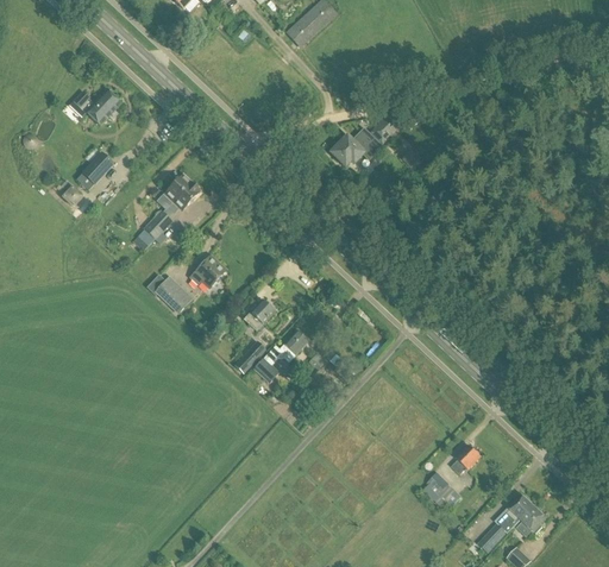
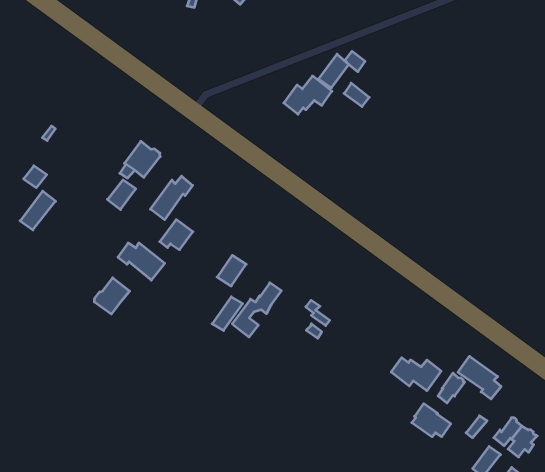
building: [68,90,119,124] -> none
building: [75,152,113,190] -> [20,191,56,230]
building: none -> [150,176,193,220]
building: none -> [94,278,130,314]
building: none -> [391,358,441,391]
building: none -> [458,356,501,399]

